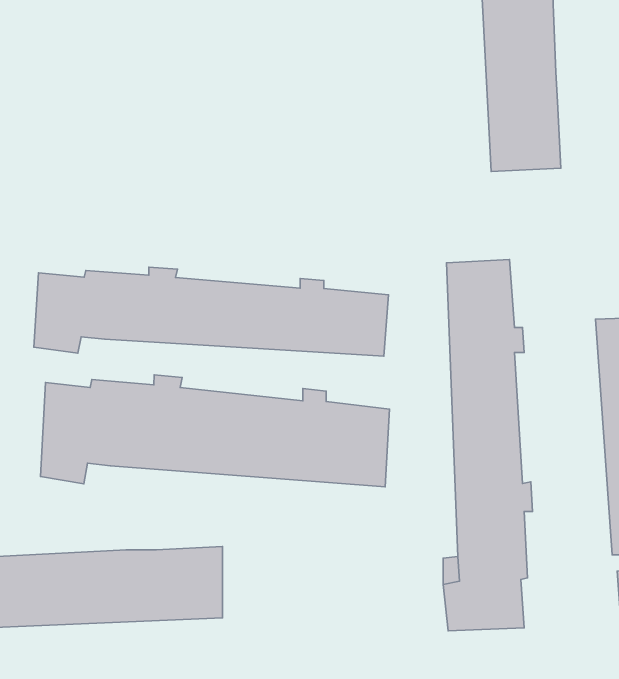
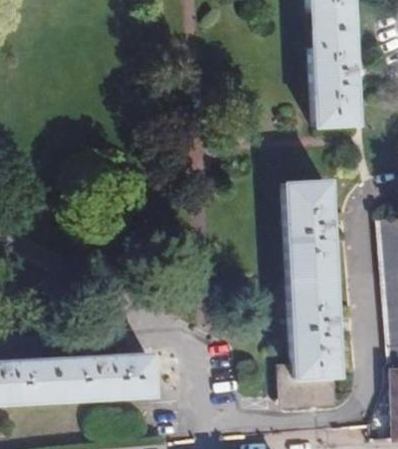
building: [34,267,388,356] -> none
building: [41,375,390,487] -> none

